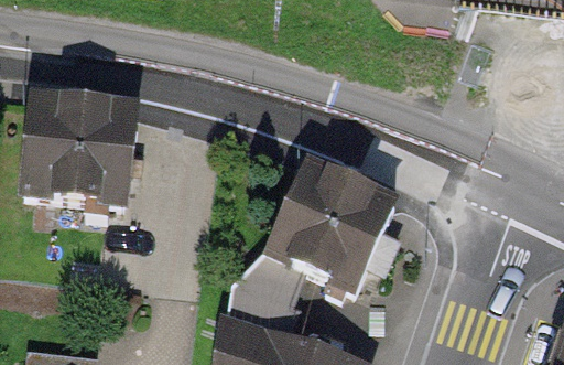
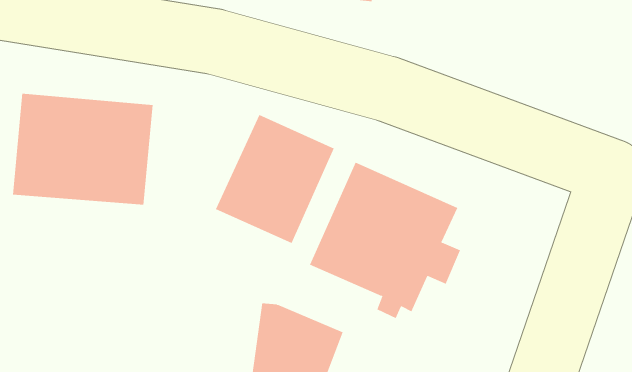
building: none -> [215,114,335,244]

